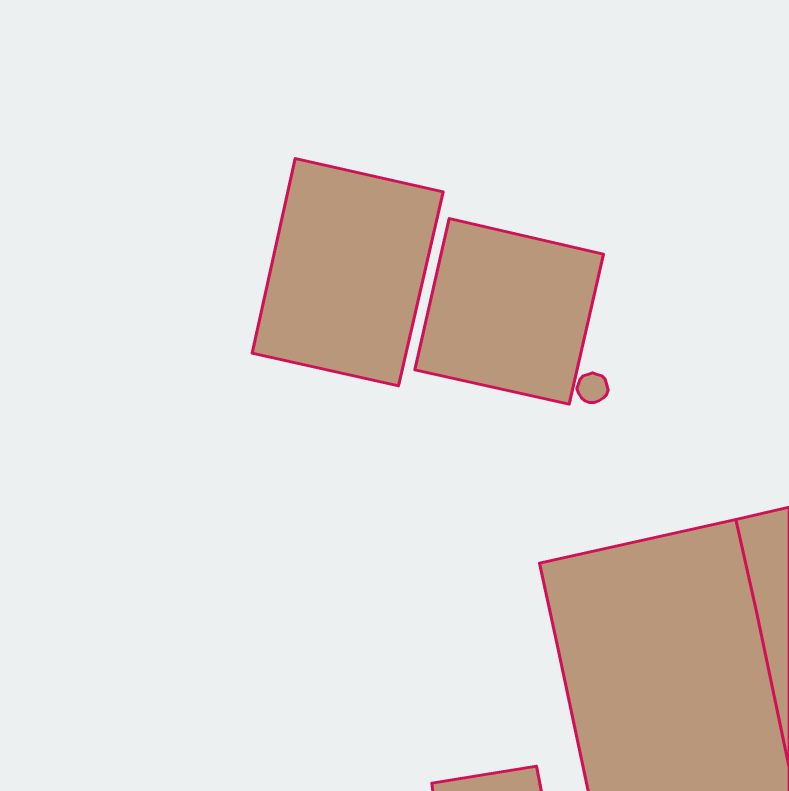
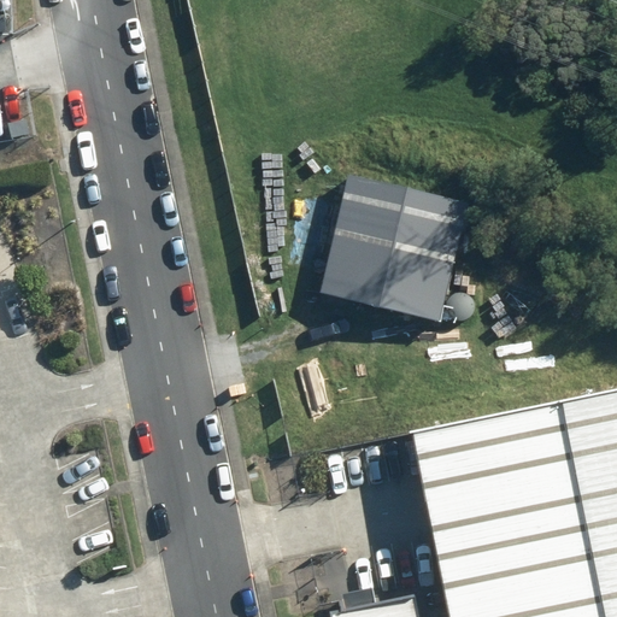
building: [252,158,443,386] -> none

